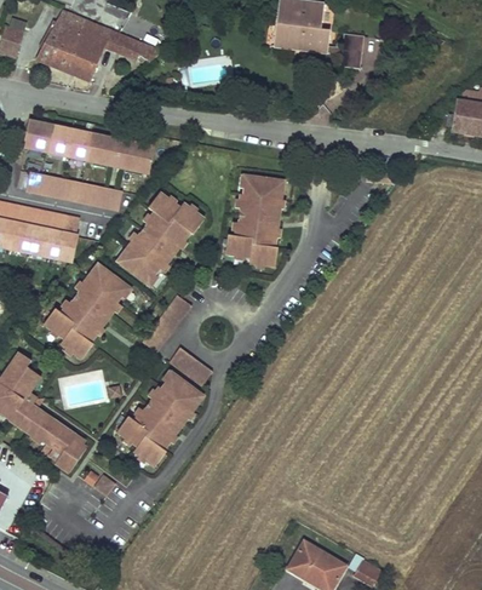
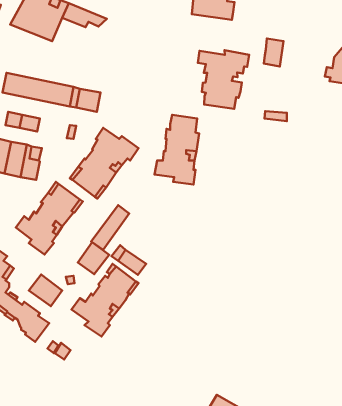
building: [338,33,363,69] -> [264,38,283,66]
building: none -> [198,50,249,109]
building: [71,181,109,205] -> none
building: none -> [78,242,109,274]
building: none -> [29,275,62,306]

